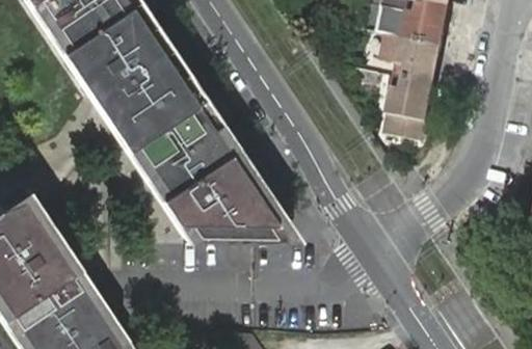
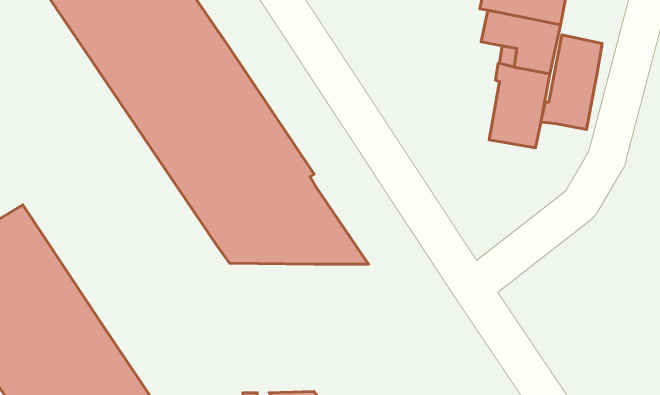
building: none -> [541,35,602,129]

